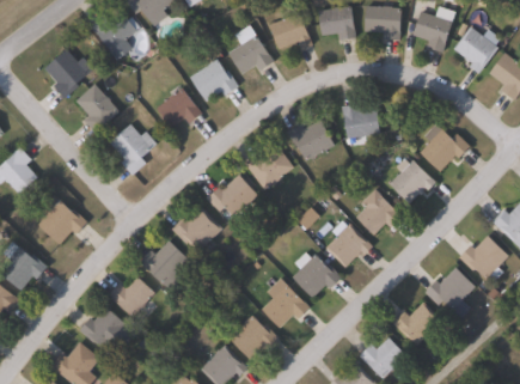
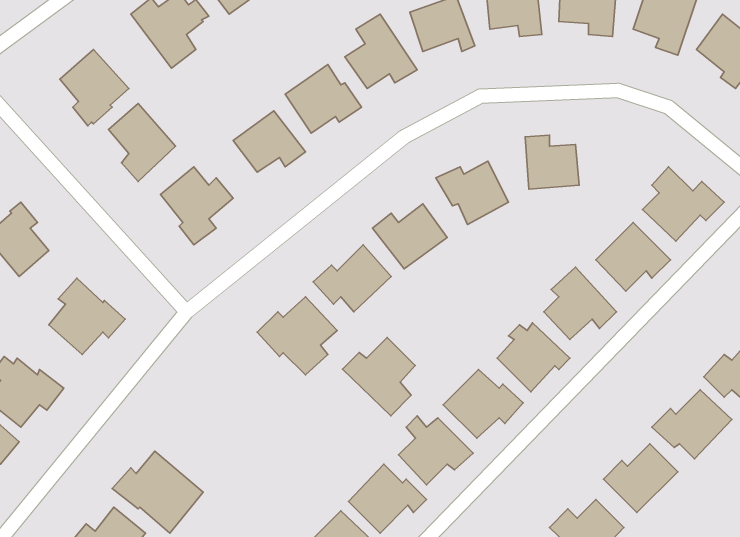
building: [140,240,186,291] -> [342,338,415,416]
building: [109,276,154,317] -> none

